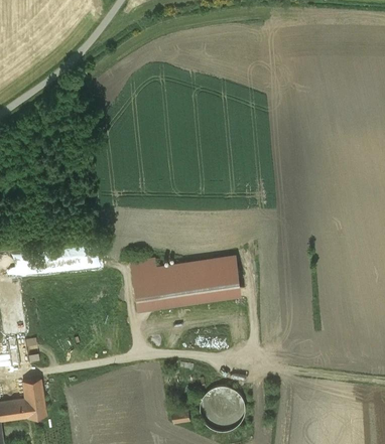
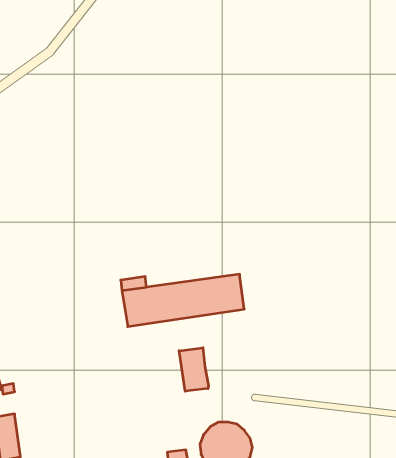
building: none -> [179,348,209,391]

